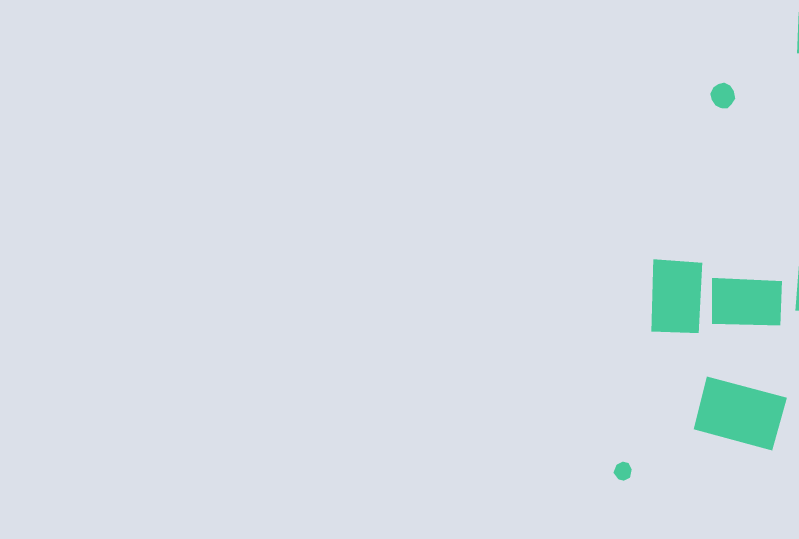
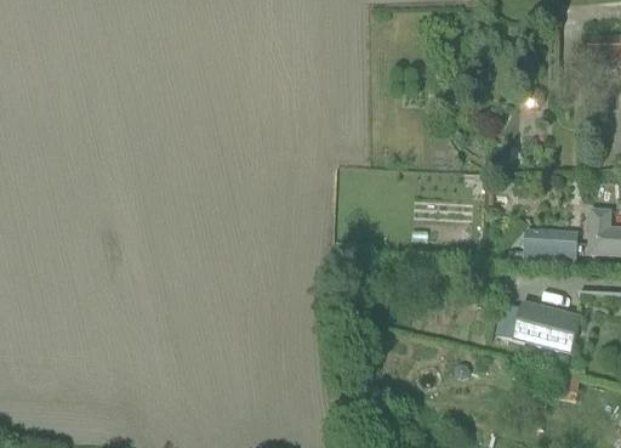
building: [651,258,703,334] -> none

